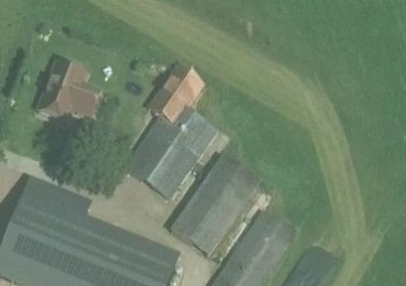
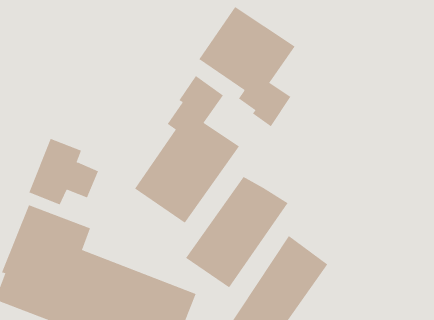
building: none -> [199,6,295,127]
building: [37,62,99,122] -> [29,138,99,205]

